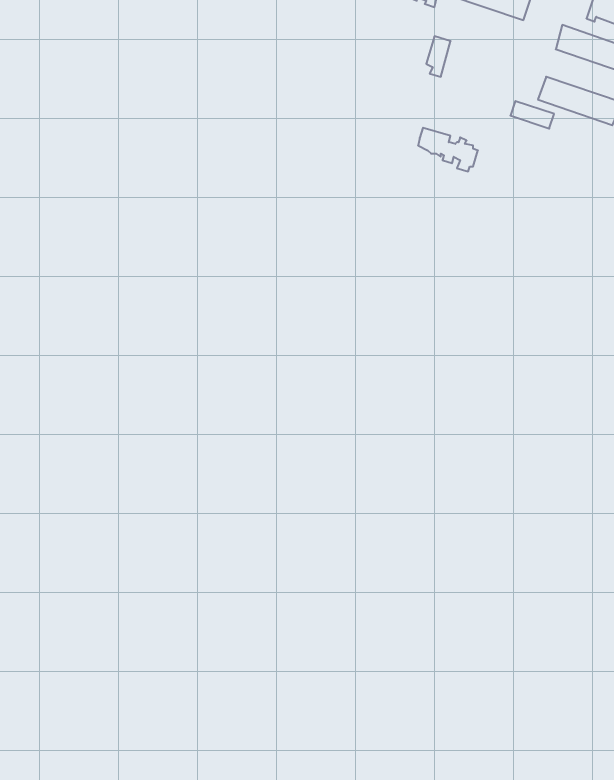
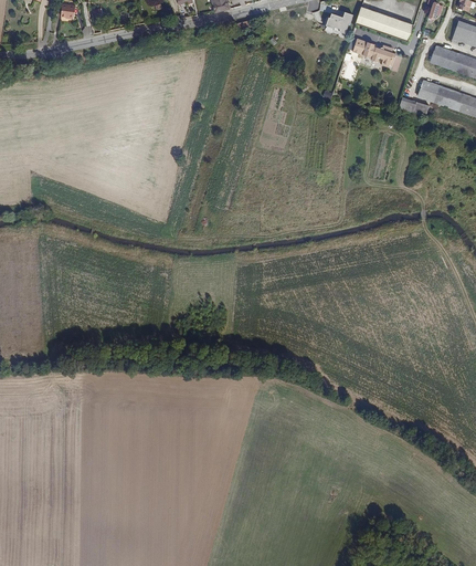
building: [418,128,478,171] -> [355,38,395,67]

